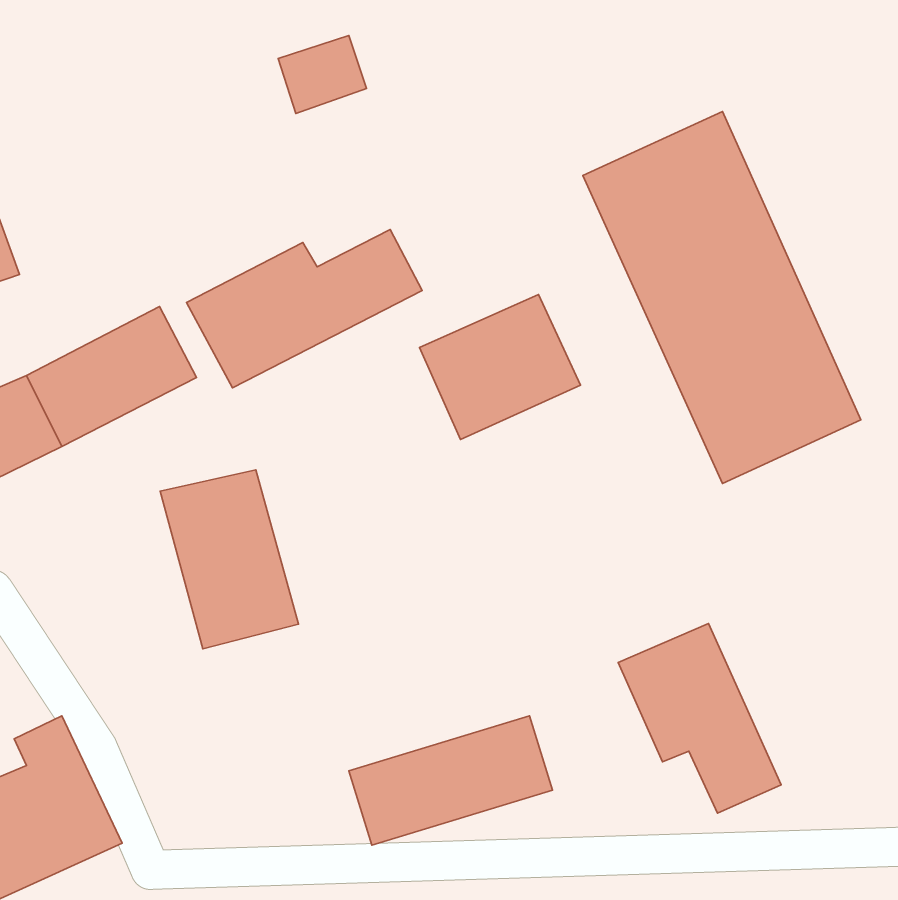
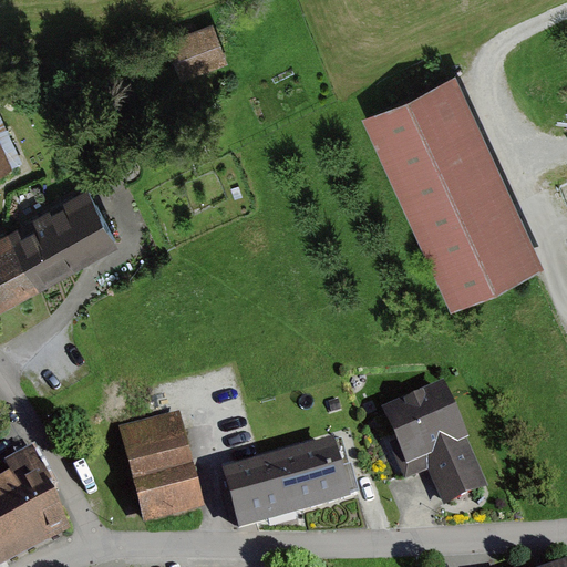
building: [186,230,422,388] -> none
building: [420,295,580,439] -> none
building: [160,470,298,649] -> [115,414,202,526]

